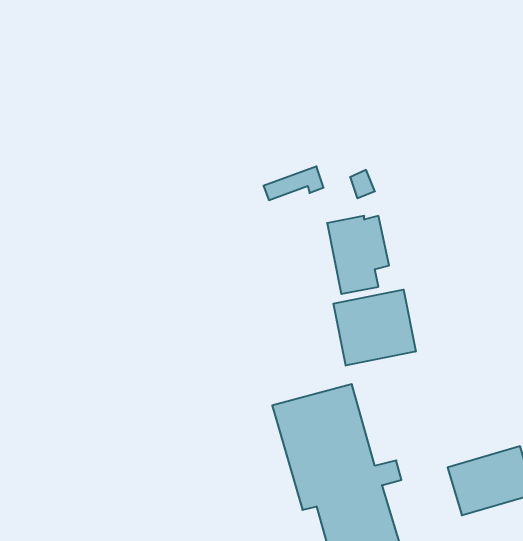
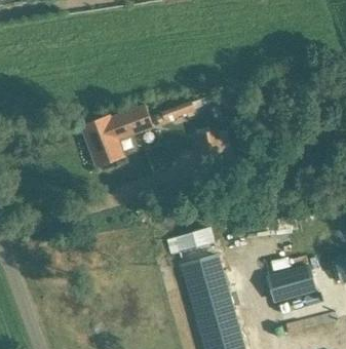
building: none -> [80,104,151,166]
building: [333,290,416,366] -> none

